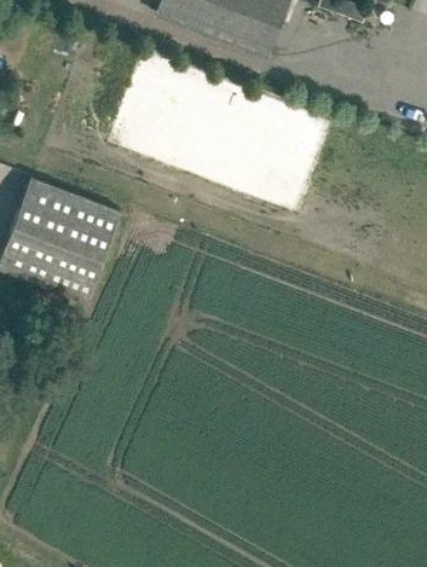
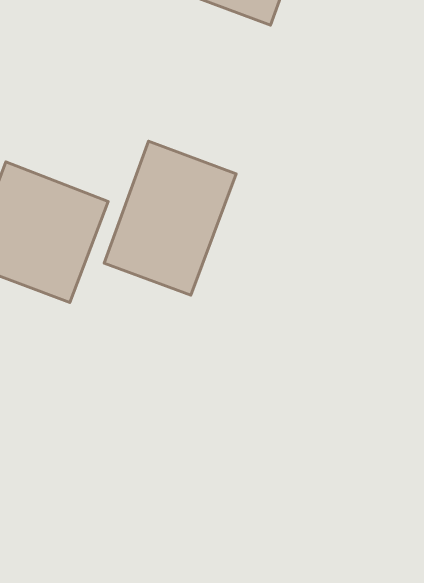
building: none -> [104,141,236,295]

